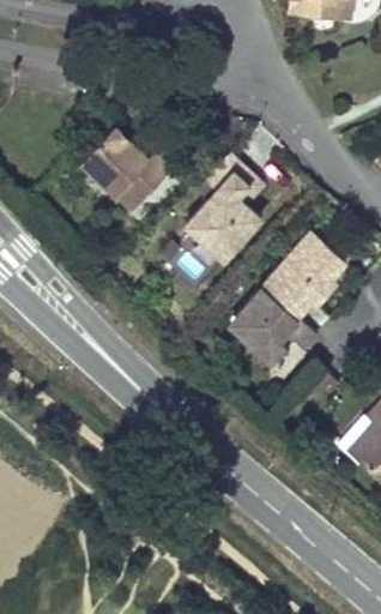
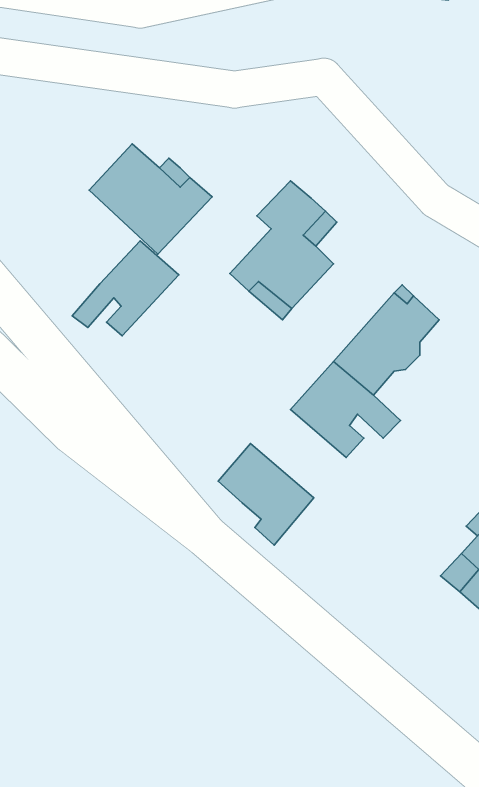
building: none -> [72,241,179,336]
building: none -> [218,444,314,545]

